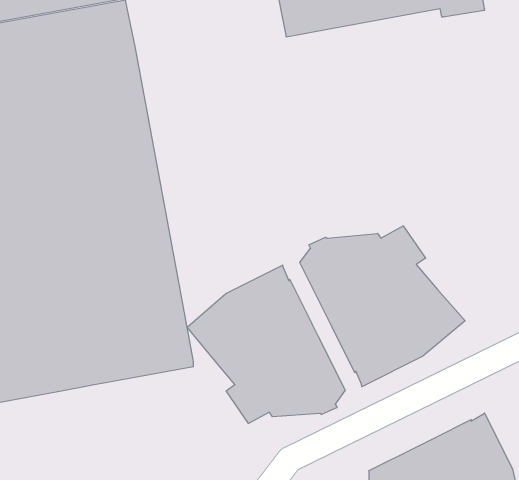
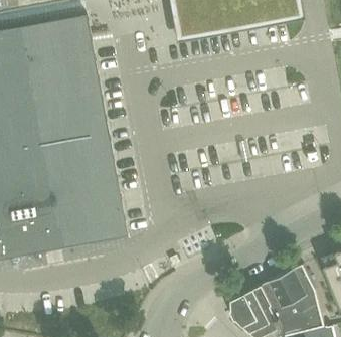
building: [300,226,465,387] -> none
building: [187,265,345,423] -> none

